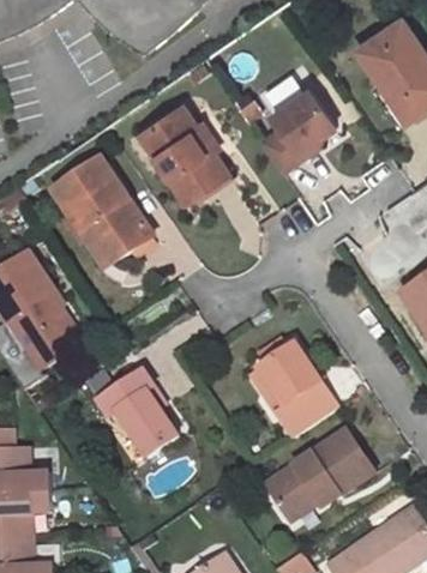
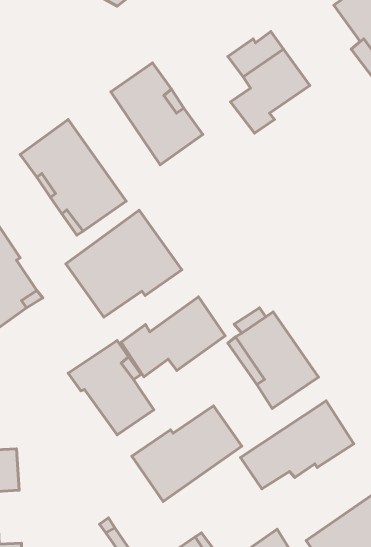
building: none -> [66,210,182,317]
building: none -> [121,297,225,377]
building: none -> [132,406,242,502]

